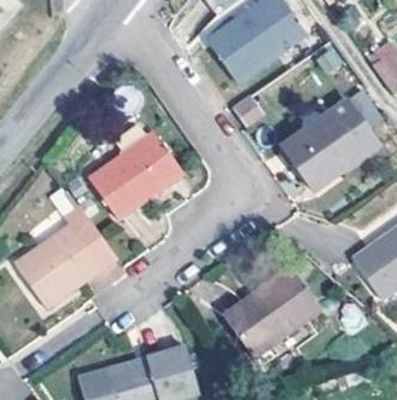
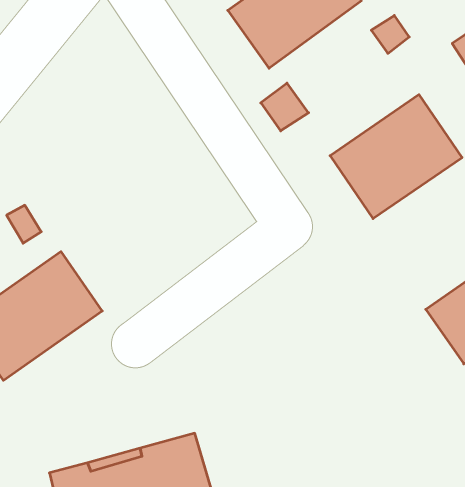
building: [88,133,183,220] -> none
building: [224,269,321,358] -> none

